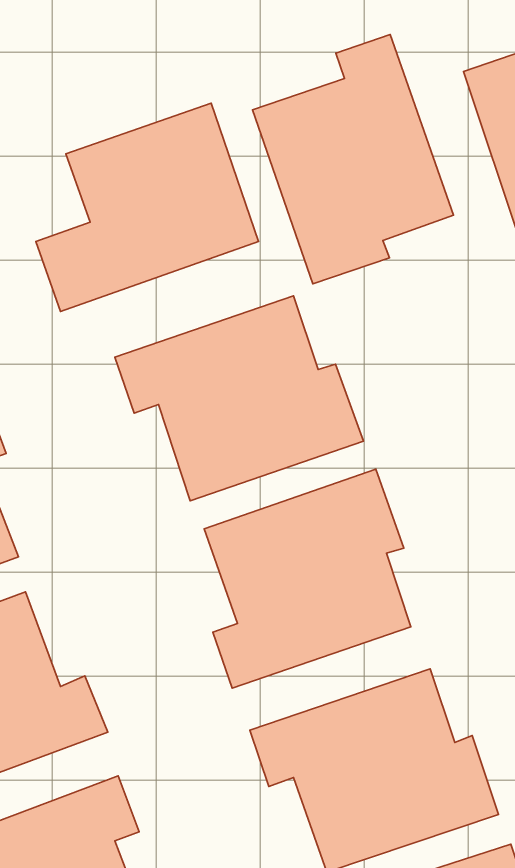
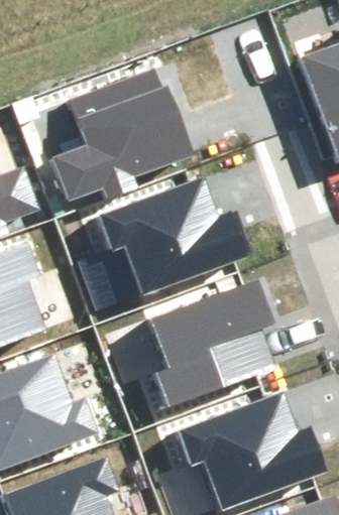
building: [253,34,453,284] -> none

